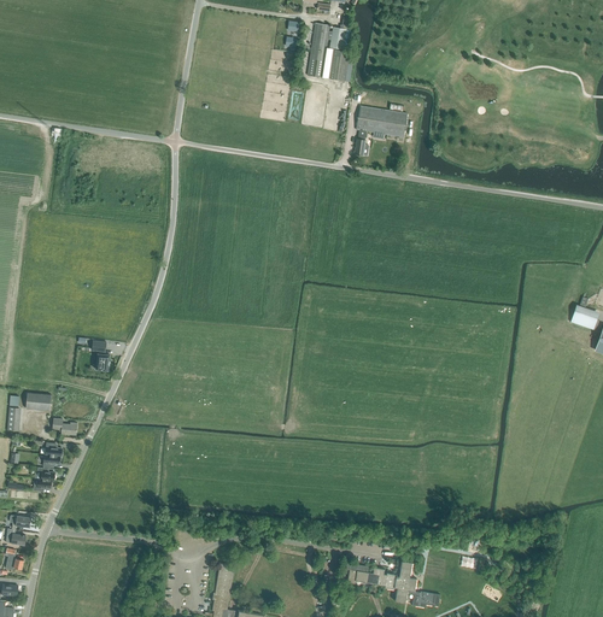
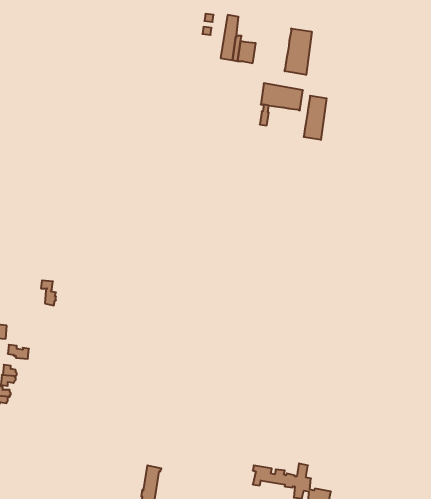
building: none -> [285,28,312,75]
building: none -> [304,96,327,140]

